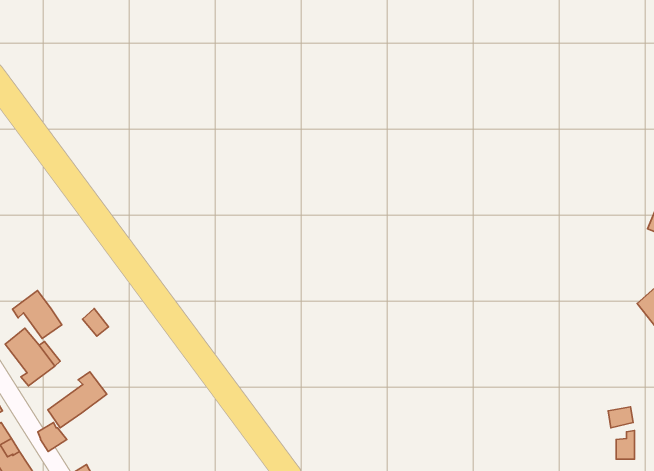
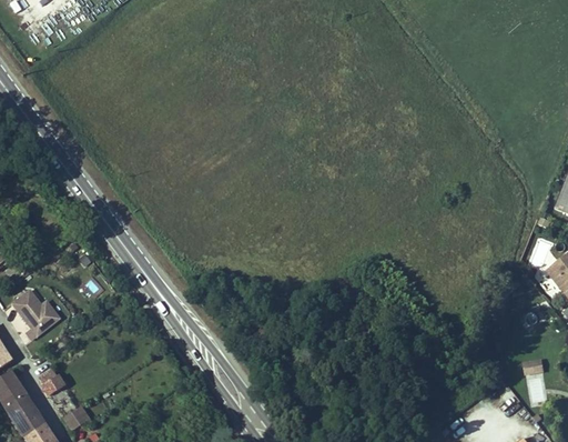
building: [13,290,62,339] -> none
building: [48,372,107,428] -> none

